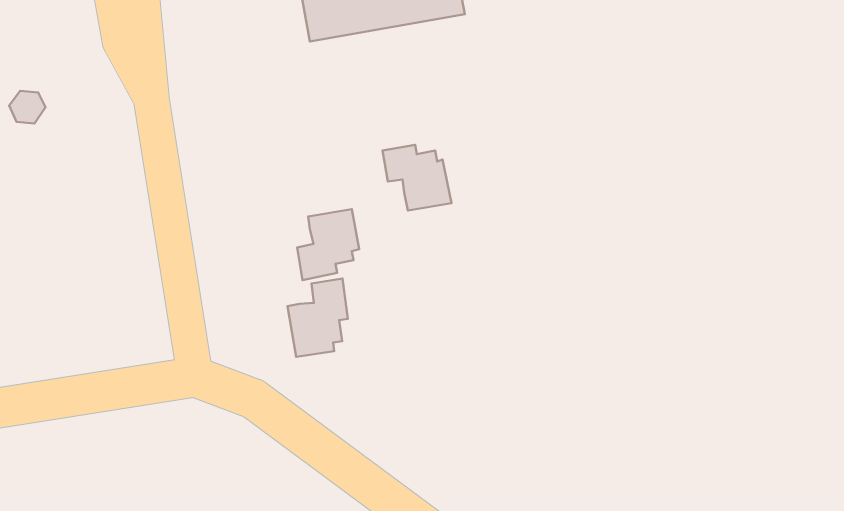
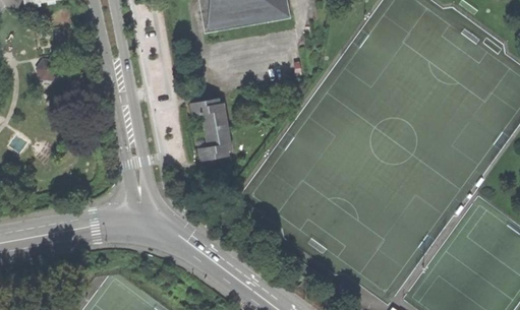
building: [382,145,452,211] -> [189,94,228,130]
building: [288,278,348,357] -> none

